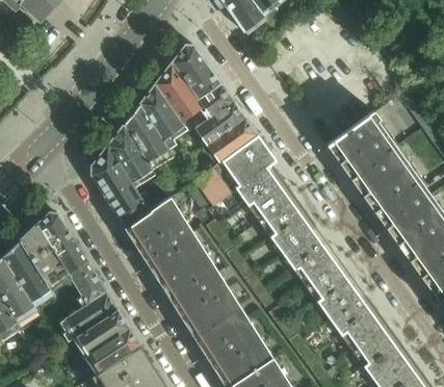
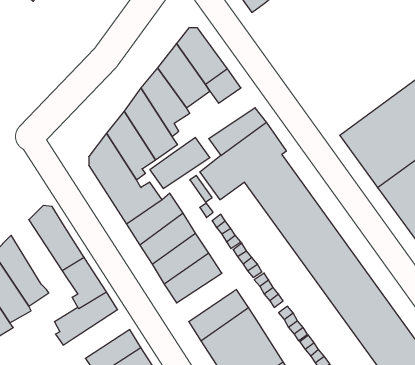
building: [191,102,247,150] -> [150,138,210,189]
building: [19,226,71,291] -> none
building: [174,276,228,321] -> none
building: [77,310,130,356] -> none

